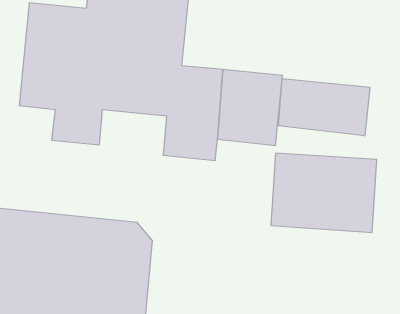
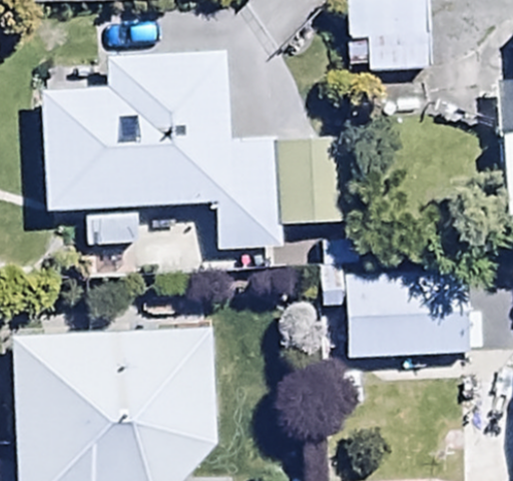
building: [278,78,370,136] -> none

